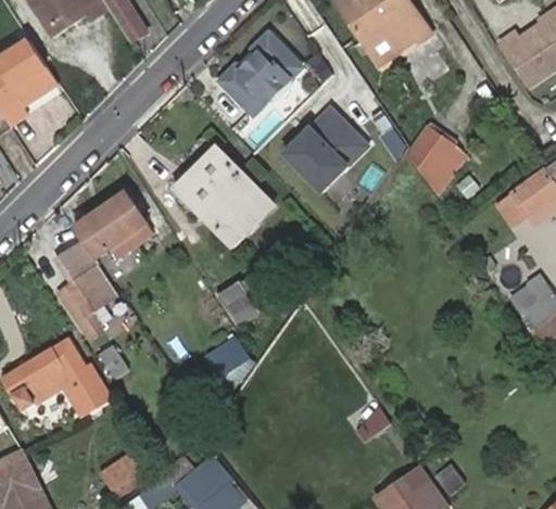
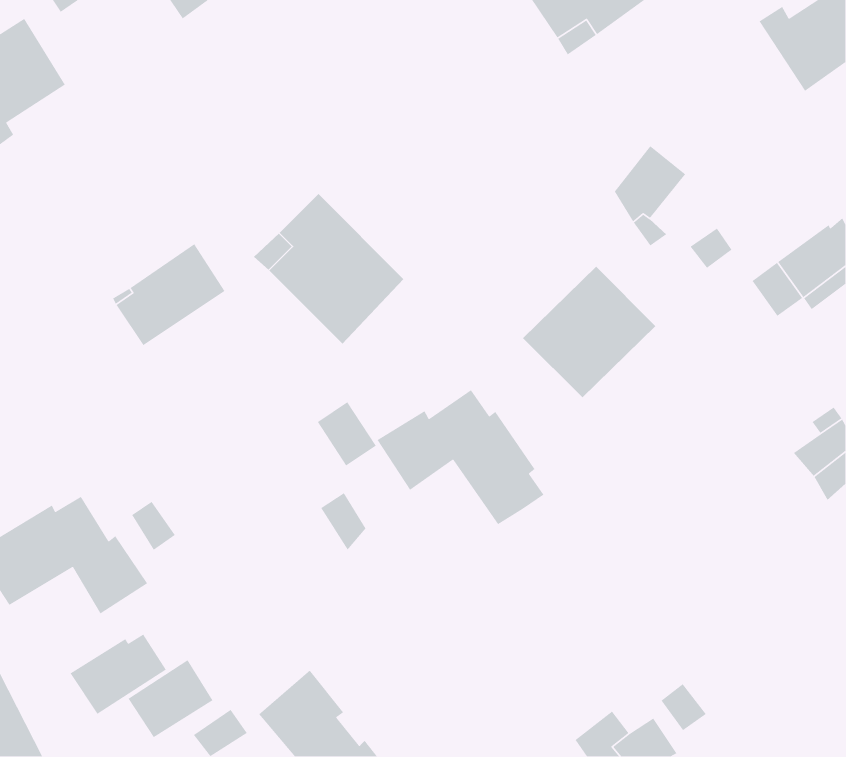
building: [222,35,302,115] -> none
building: [283,109,368,192] -> [522,266,656,398]
building: [56,240,118,341] -> none
building: none -> [376,389,545,525]
building: none -> [70,634,167,715]

